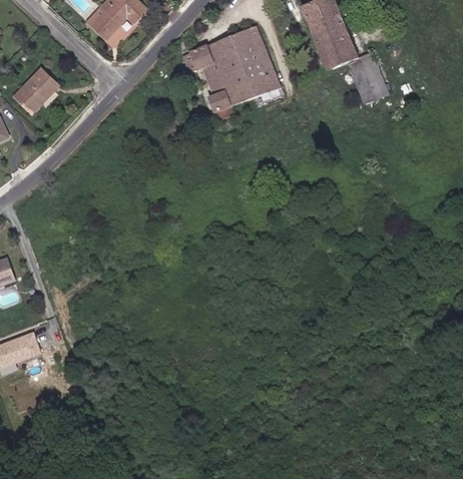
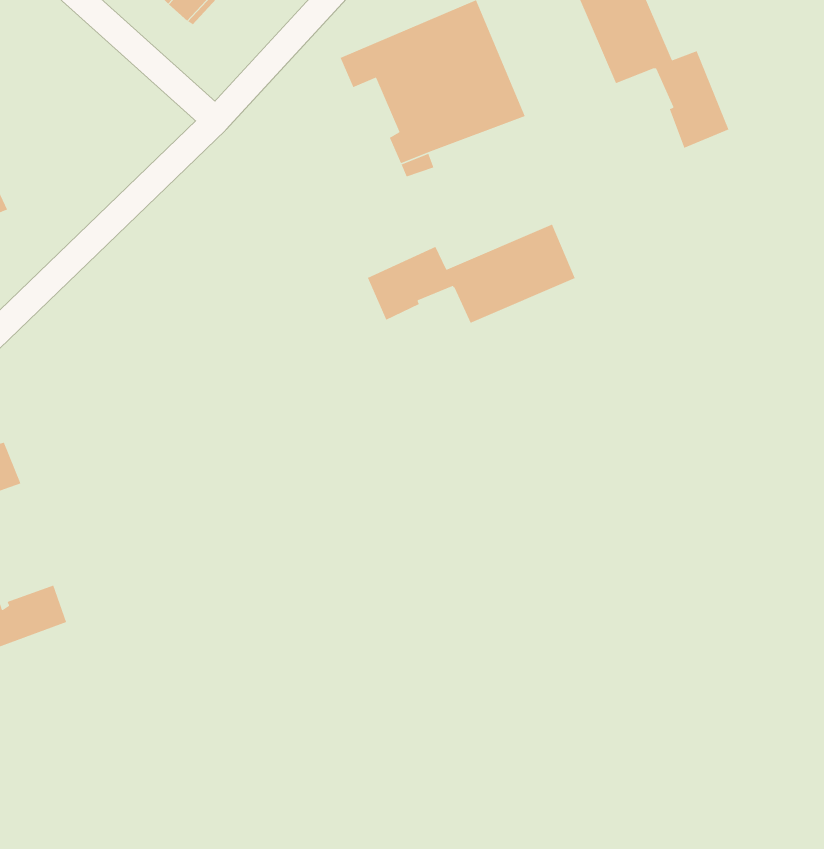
building: [14,67,60,113] -> none
building: none -> [367,223,576,324]

